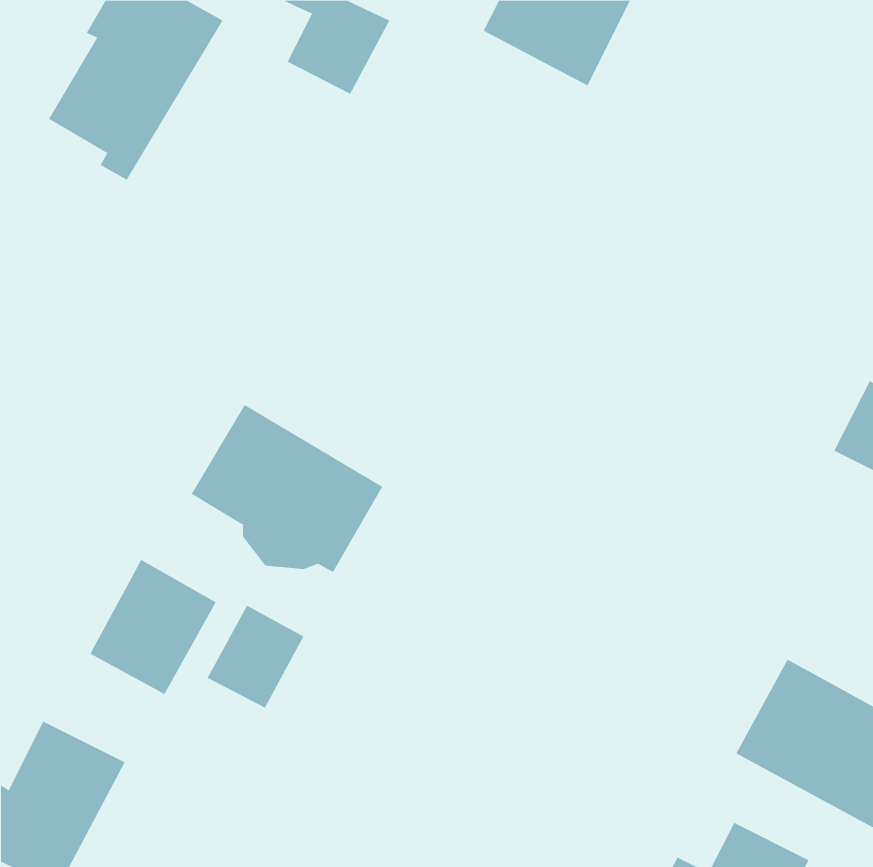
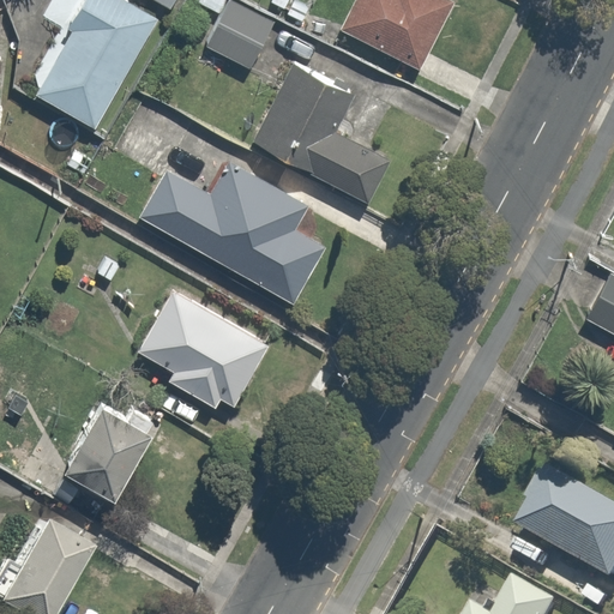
building: none -> [254,61,390,204]
building: none -> [137,163,329,305]
building: [207,605,304,709] -> none

